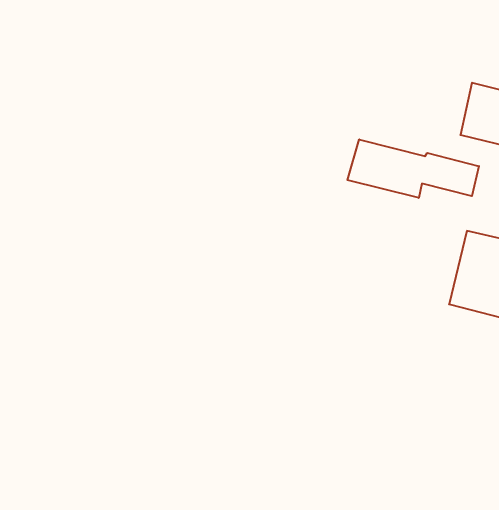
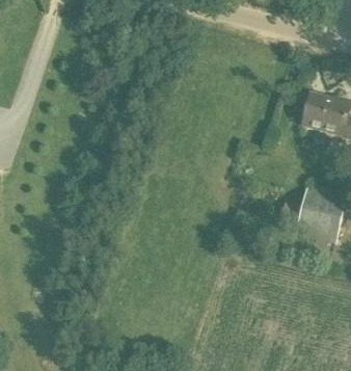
building: [347,139,479,198] -> none

